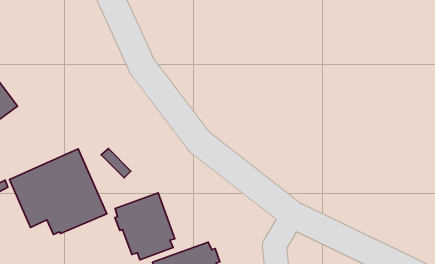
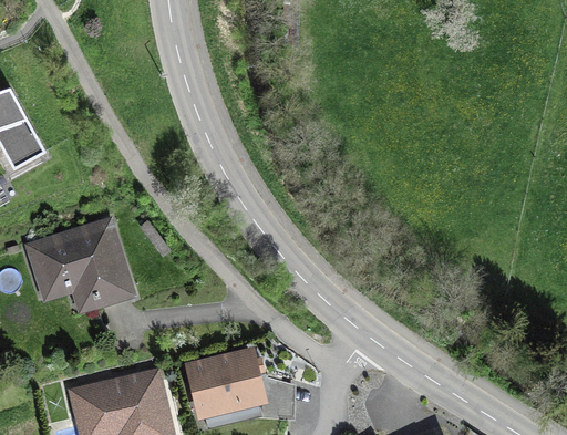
building: [115,193,175,260] -> none

